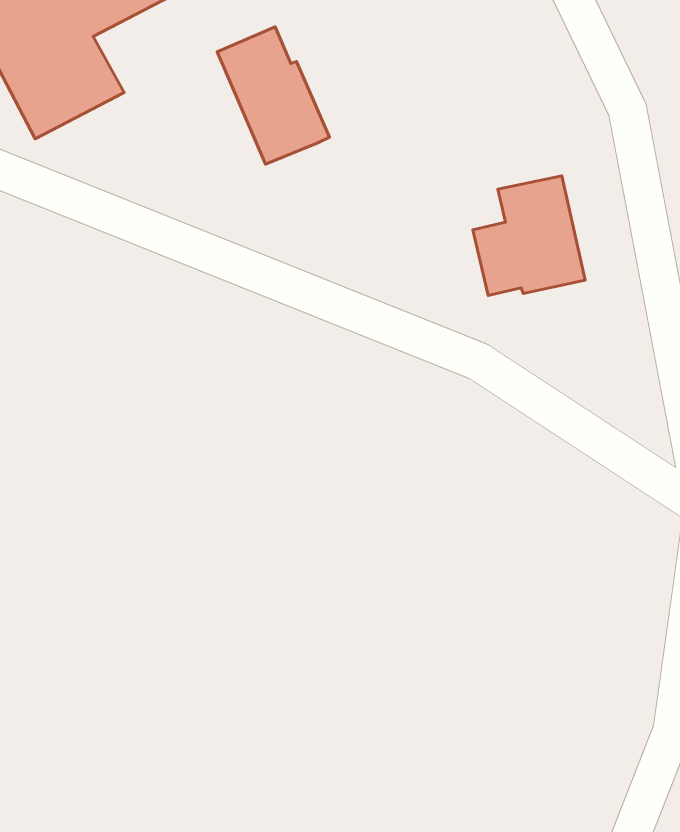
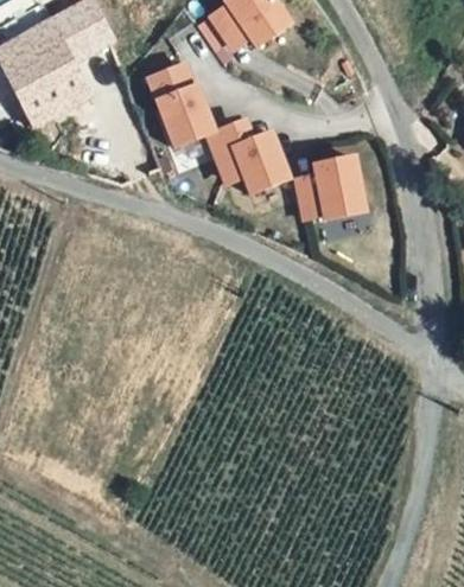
building: none -> [205,121,291,194]

